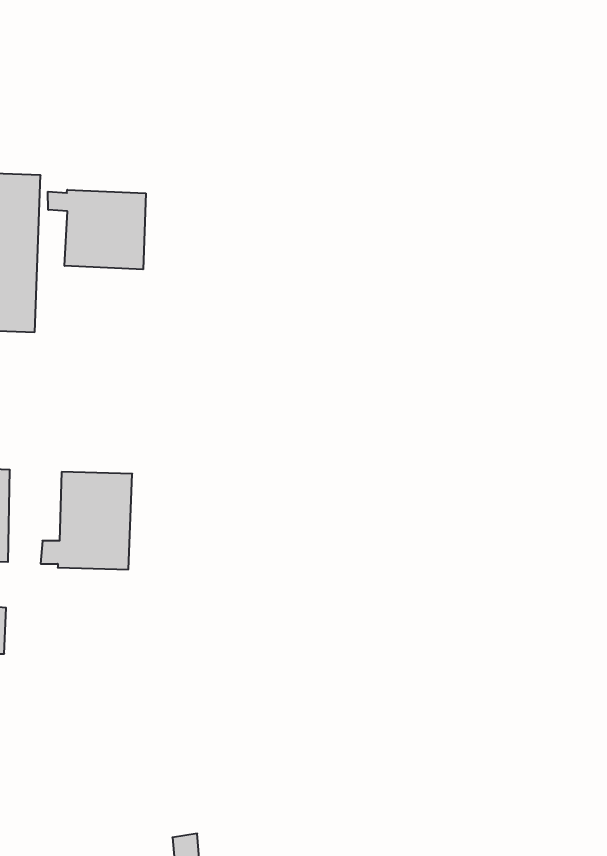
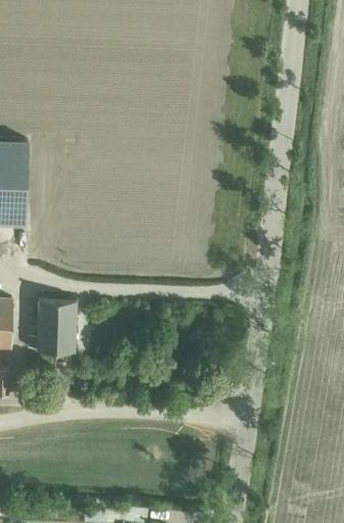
building: [48,190,146,269] -> none

